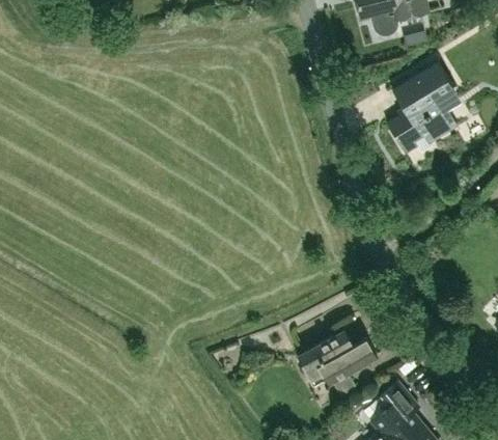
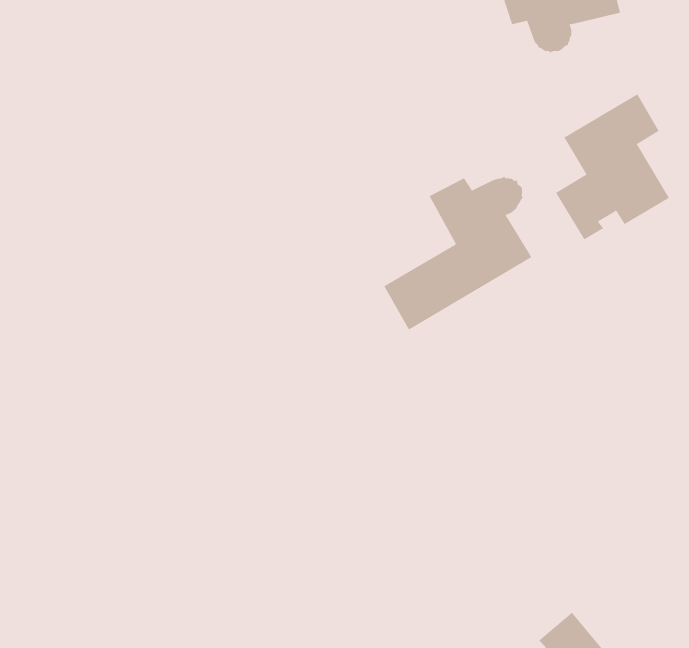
building: none -> [383,176,532,330]
building: [298,330,378,397] -> none

